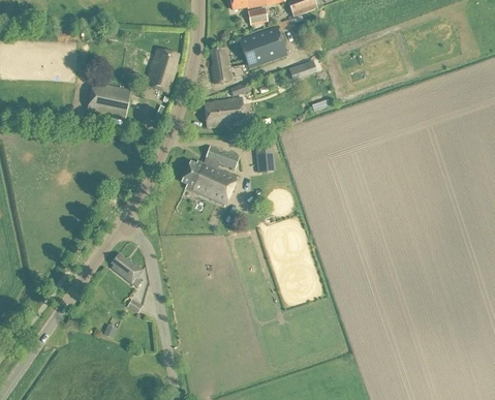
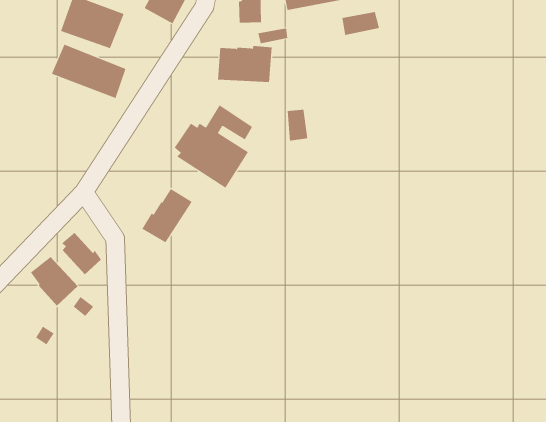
building: none -> [51,44,126,99]
building: none -> [142,188,193,243]
building: none -> [30,256,78,307]

